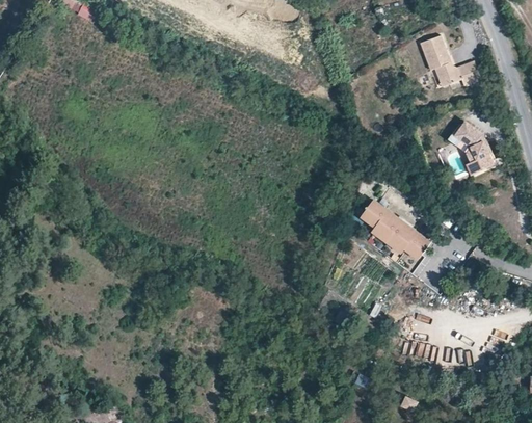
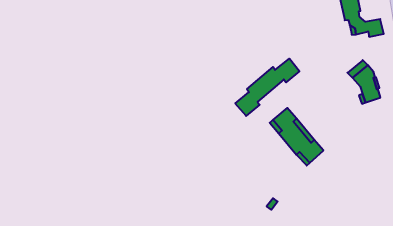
building: none -> [235,59,299,116]

